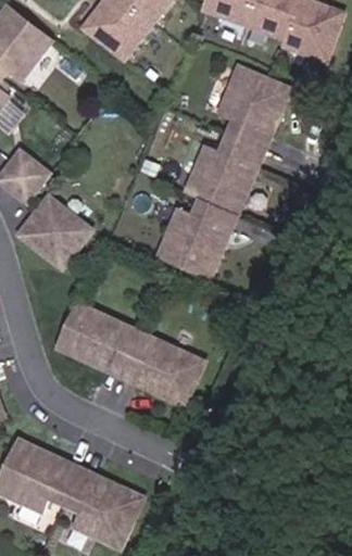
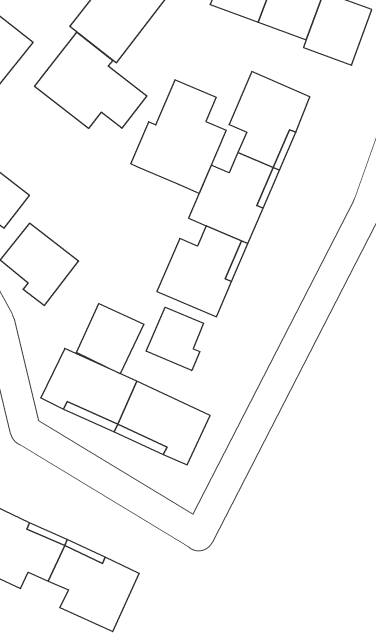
building: none -> [35,32,147,128]
building: none -> [131,80,226,193]
building: none -> [77,304,144,374]
building: none -> [146,307,203,371]

